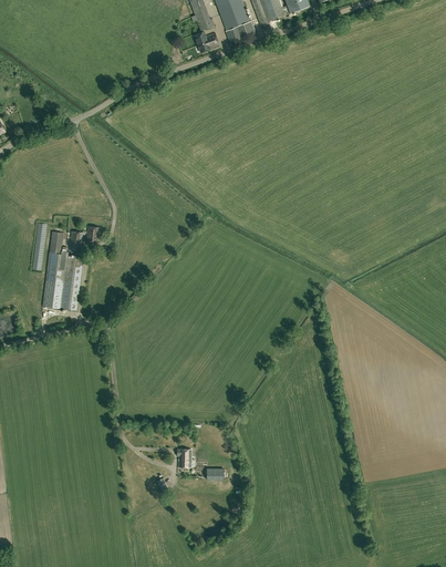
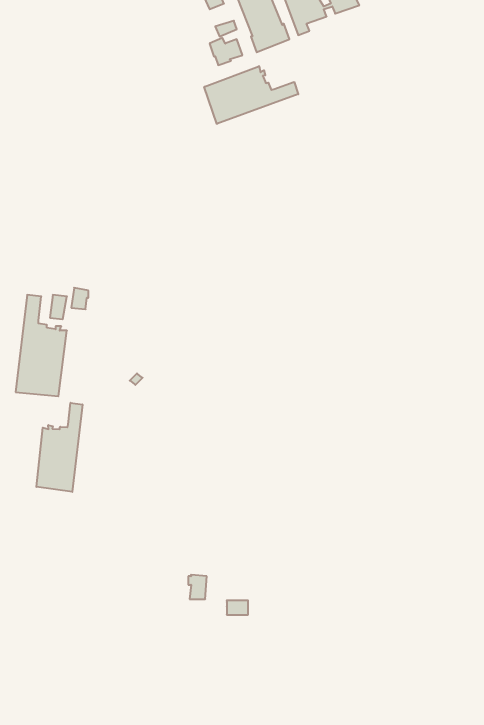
building: none -> [204,66,298,124]
building: none -> [36,403,82,492]

